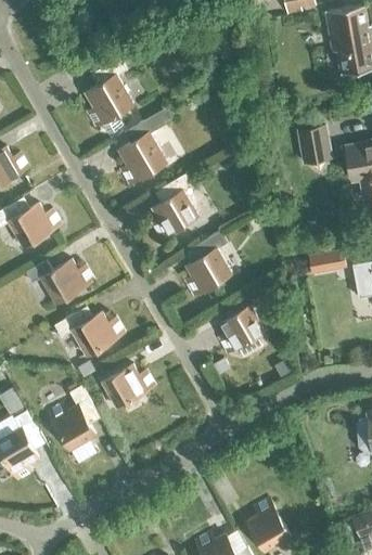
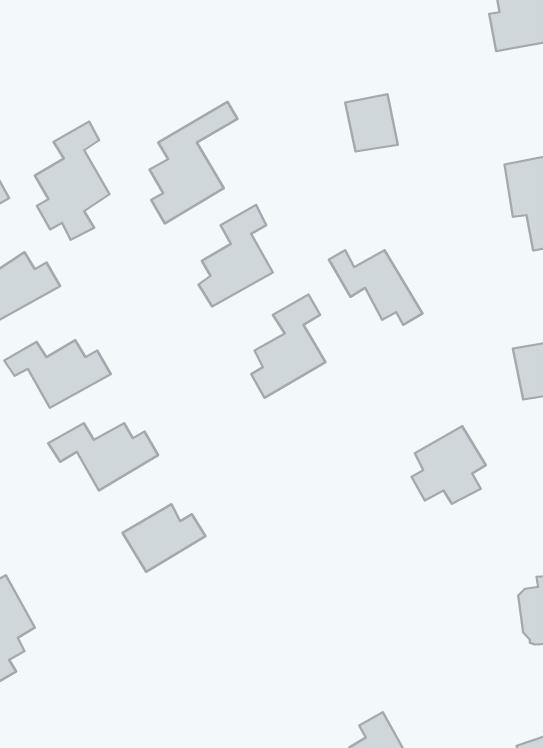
building: [85,59,132,134] -> [35,121,109,240]
building: [297,126,331,163] -> [345,94,398,152]
building: none -> [329,250,422,325]
building: [308,249,346,273] -> none
building: [217,307,265,357] -> [411,426,486,504]
building: [48,386,95,451] -> none

